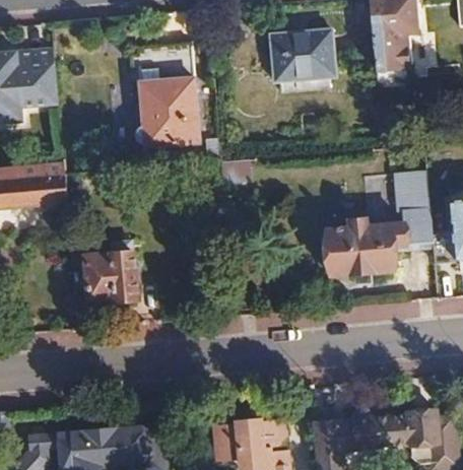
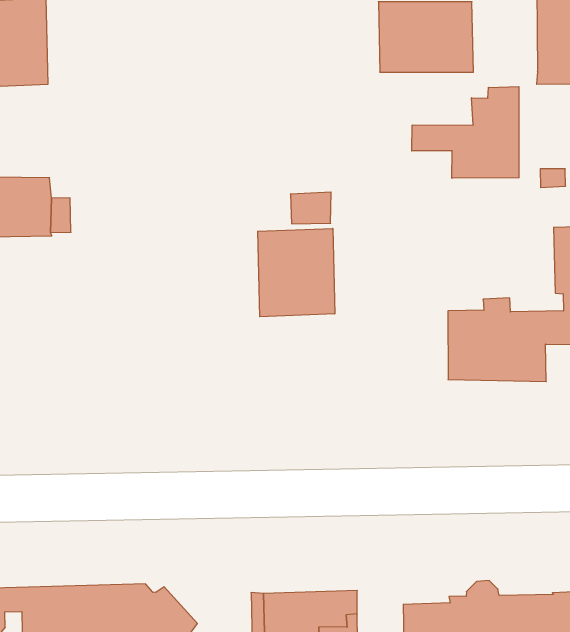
building: [137,52,199,149] -> none
building: none -> [412,87,519,178]
building: none -> [258,228,335,317]
building: [84,253,137,301] -> none

